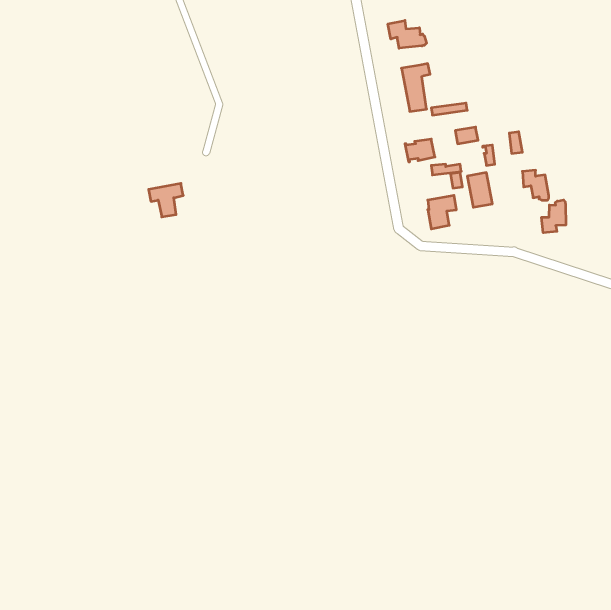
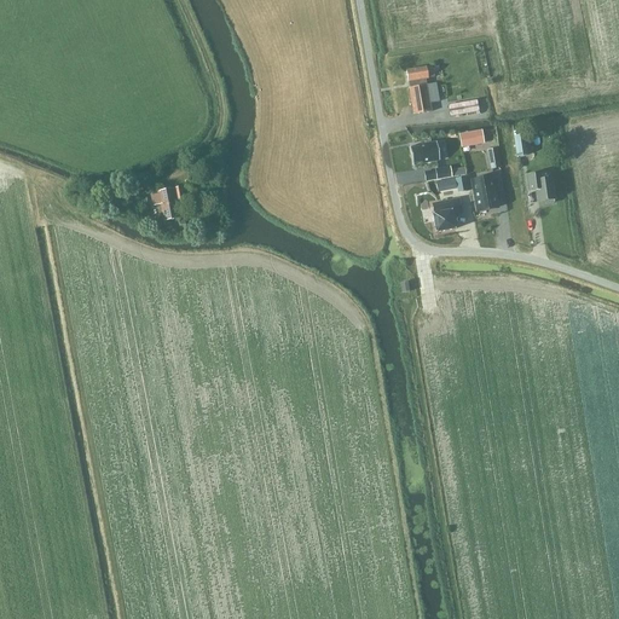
building: [388,20,427,48] -> none
building: [542,200,566,233] -> none

